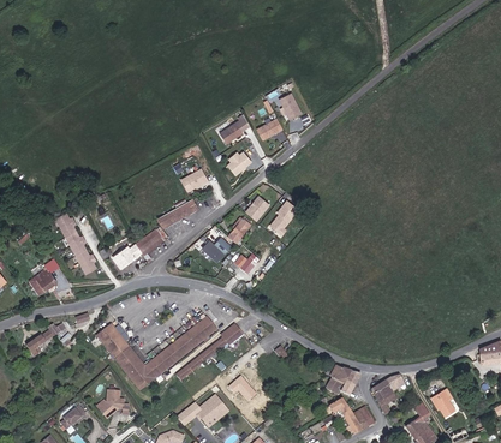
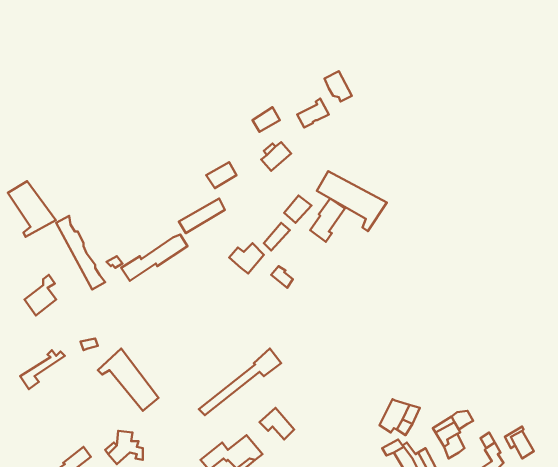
building: none -> [317,171,387,231]
building: none -> [8,181,56,237]
building: [129,318,215,389] -> none

